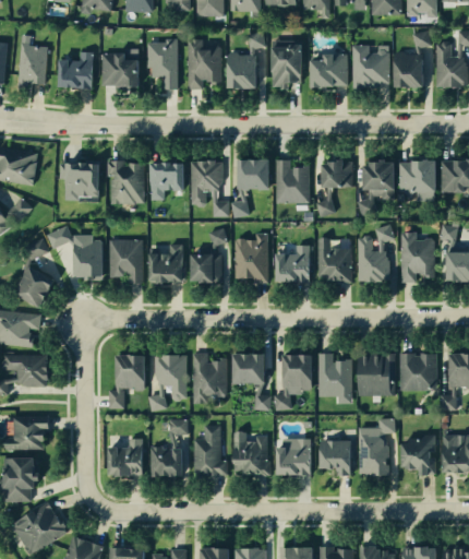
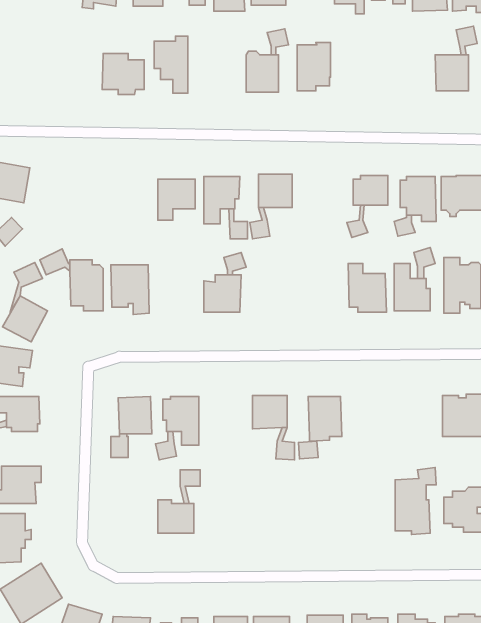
building: [188,38,221,88] -> none
building: [19,41,47,83] -> none
building: [352,45,389,87] -> none
building: [59,51,93,87] -> none
building: [310,53,347,85] -> none
building: [276,159,309,202] -> none
building: [108,160,143,203] -> none
building: [60,163,98,200] -> none
building: [234,233,267,283] -> none
building: [149,243,182,281] -> none
building: [276,245,309,281] -> none
building: [193,353,226,403] -> none
building: [318,353,352,403] -> none
building: [359,353,395,394] -> none
building: [194,425,227,474] -> none
building: [233,432,270,475] -> none
building: [108,438,142,475] -> none
building: [276,439,311,474] -> none
building: [320,440,350,475] -> none

